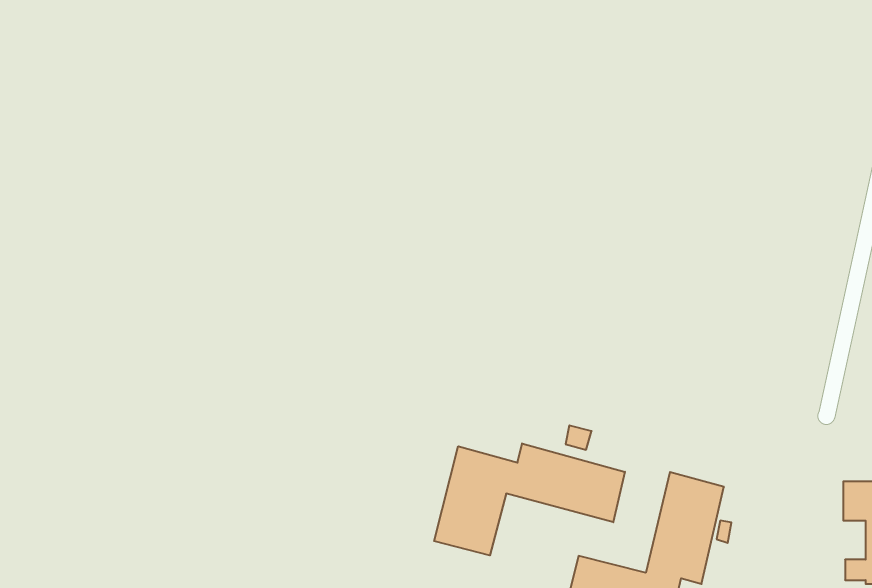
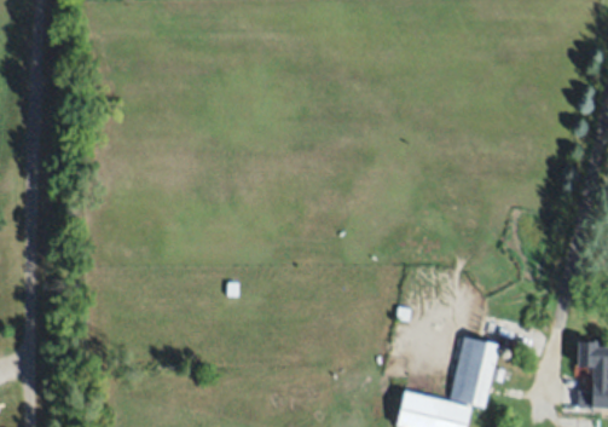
building: [434,443,625,555] -> none

